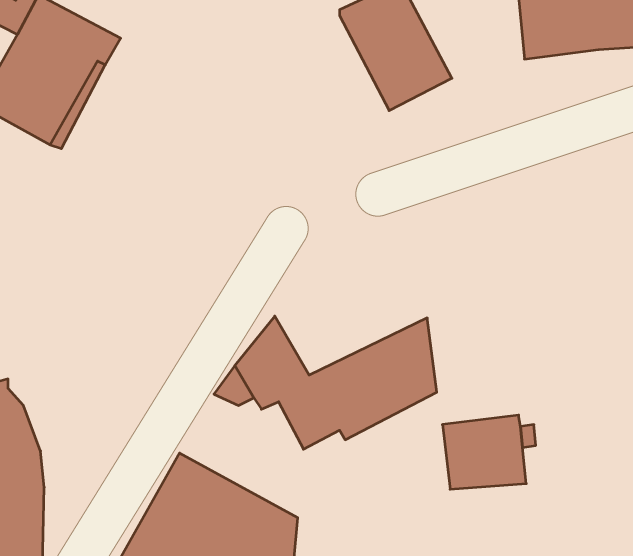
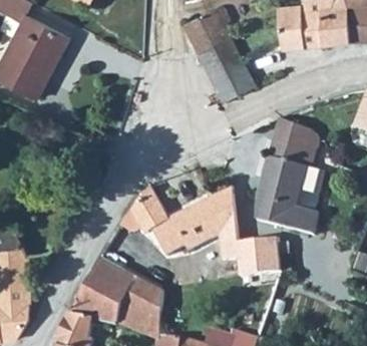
building: none -> [211,59,258,101]
building: none -> [256,118,325,233]

